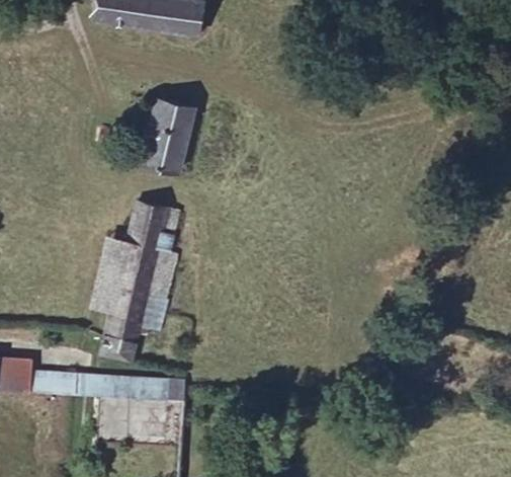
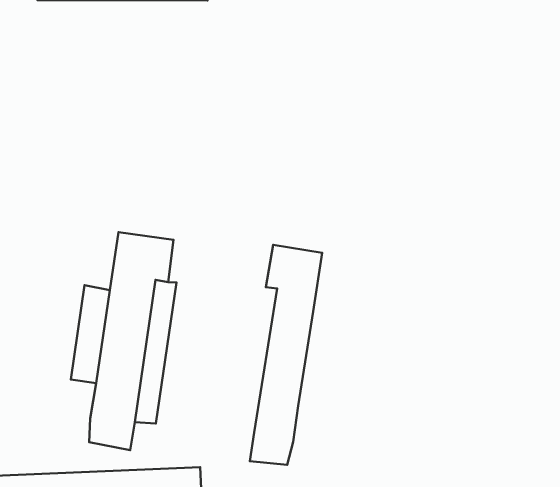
building: [146,101,197,175] -> none
building: none -> [250,245,322,465]

